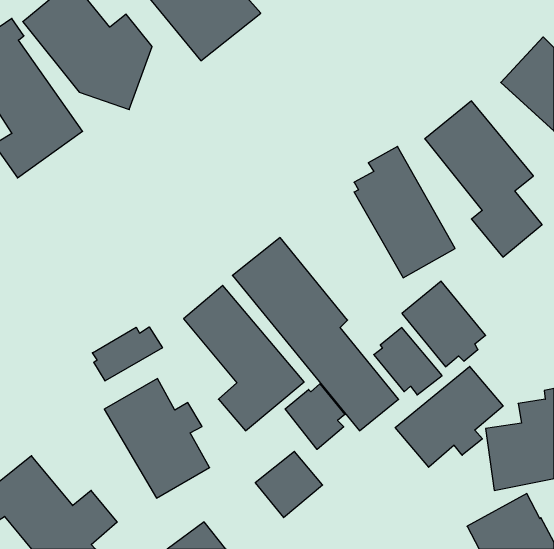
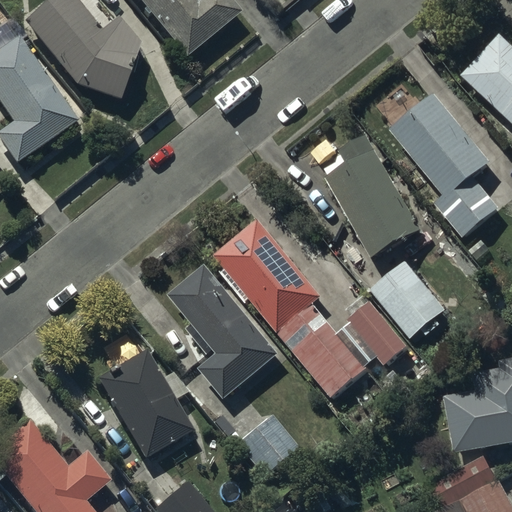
building: [92,327,162,381] -> none
building: [395,366,503,467] -> none
building: [285,384,345,449] -> none

